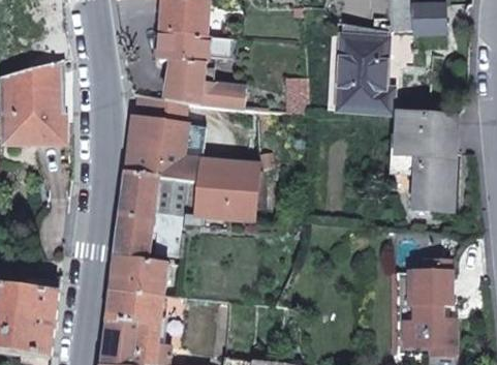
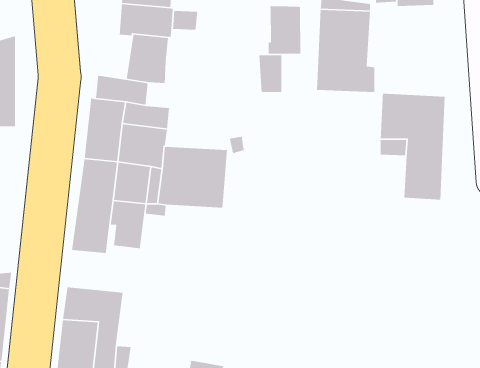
building: none -> [268,6,301,55]
building: [200,84,244,109] -> none
building: [111,256,166,295] -> none
building: [394,261,455,354] -> none

